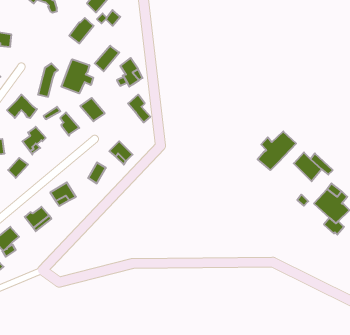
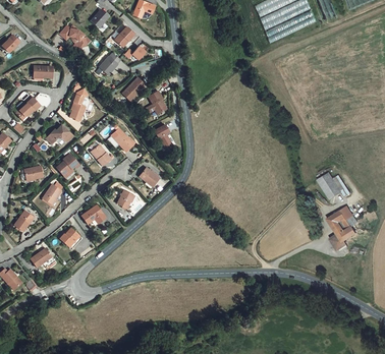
building: [61,59,93,93] -> none
building: [258,131,296,170] -> none

